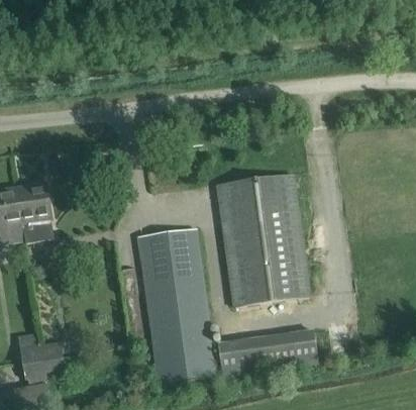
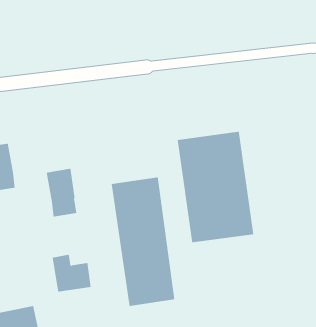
building: [16,182,54,240] -> [46,168,77,217]
building: [218,328,319,376] -> none
building: [17,330,65,376] -> [52,254,91,292]

